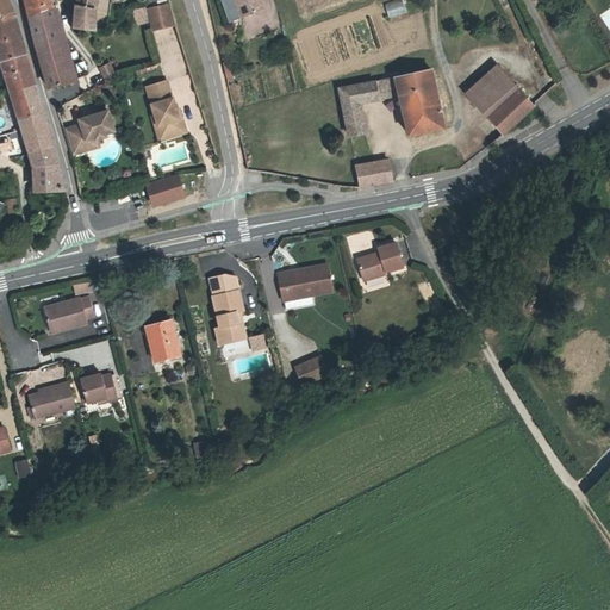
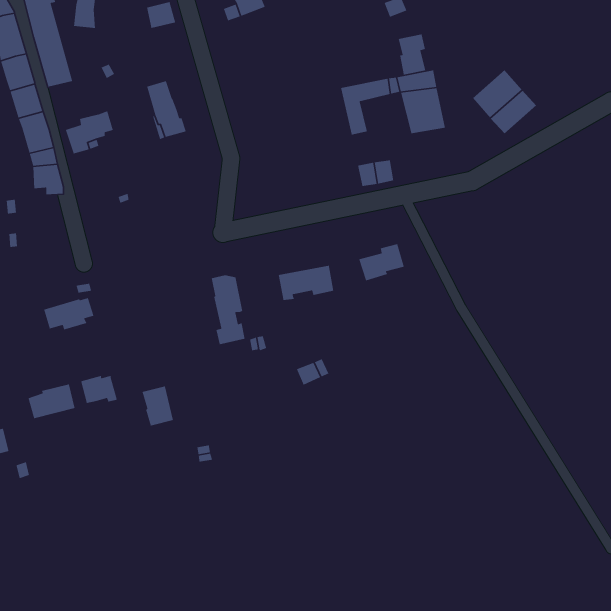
building: none -> [398,33,426,75]
building: [147,175,183,204] -> none
building: [147,319,179,360] -> [142,386,174,426]

